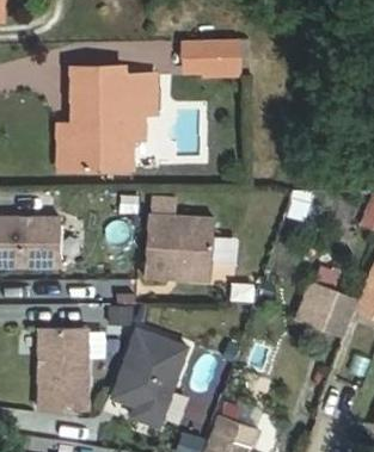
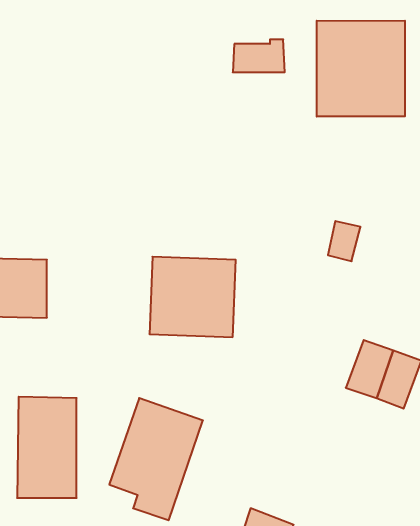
building: none -> [317,21,405,117]
building: [63,67,154,168] -> none

